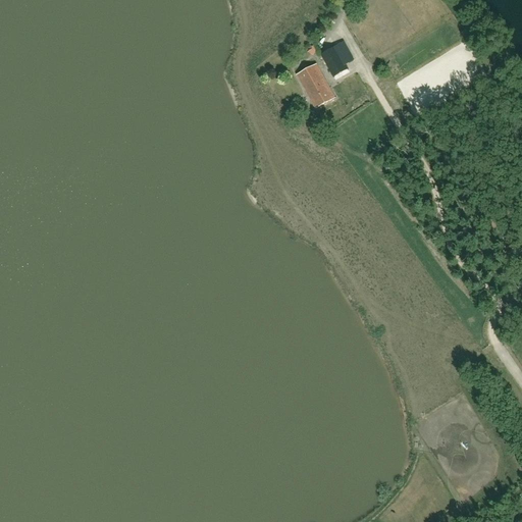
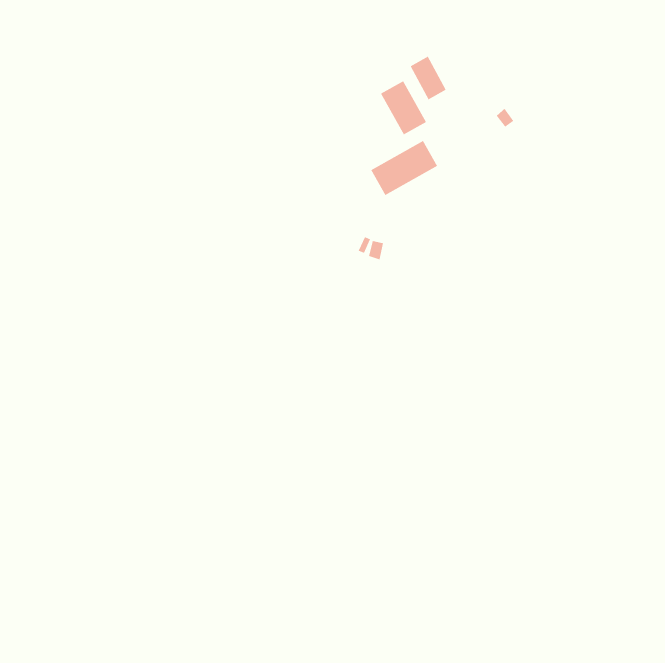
building: none -> [370,140,438,196]

